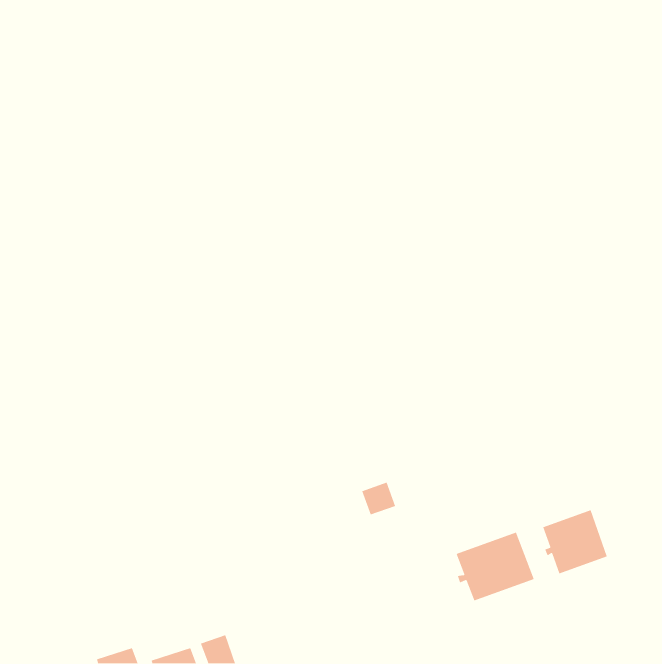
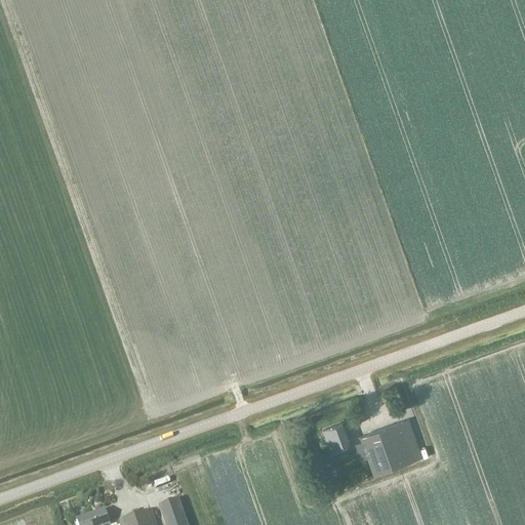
building: [361,482,396,515] -> [323,422,351,449]
building: [542,509,608,574] -> none

